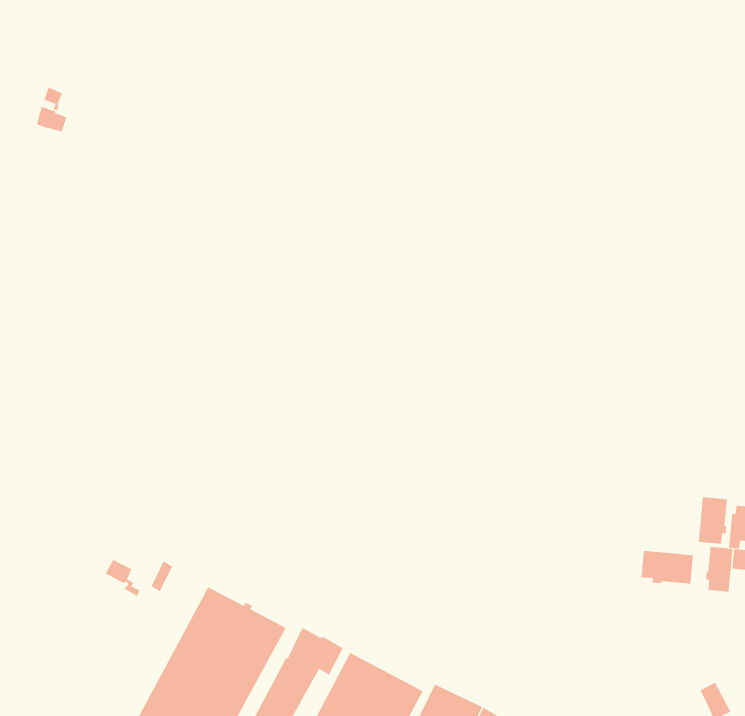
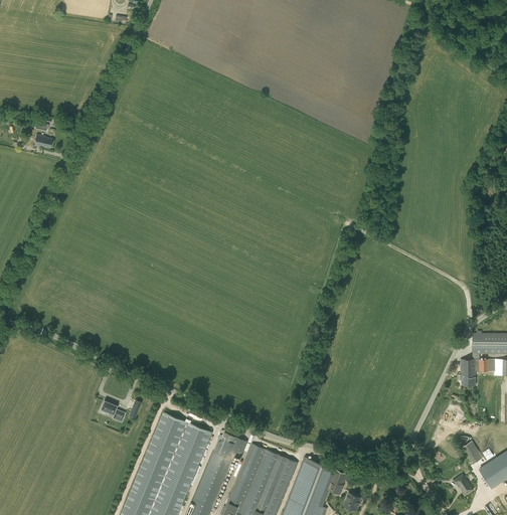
building: [698,496,727,545] -> none
building: [641,550,694,585] -> none

